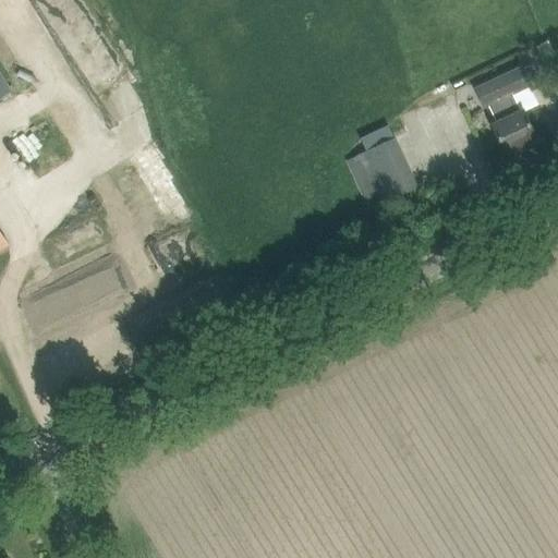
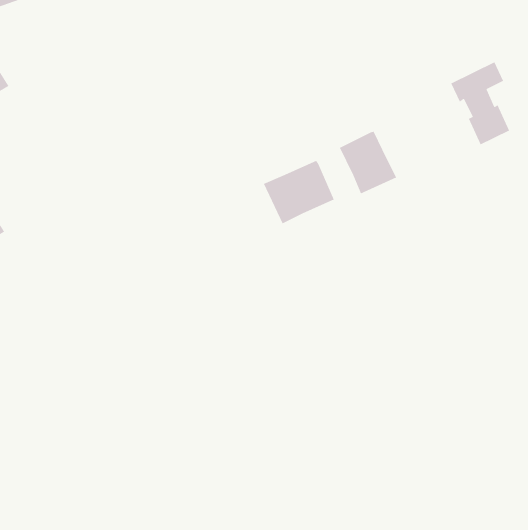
building: none -> [263,160,335,224]

